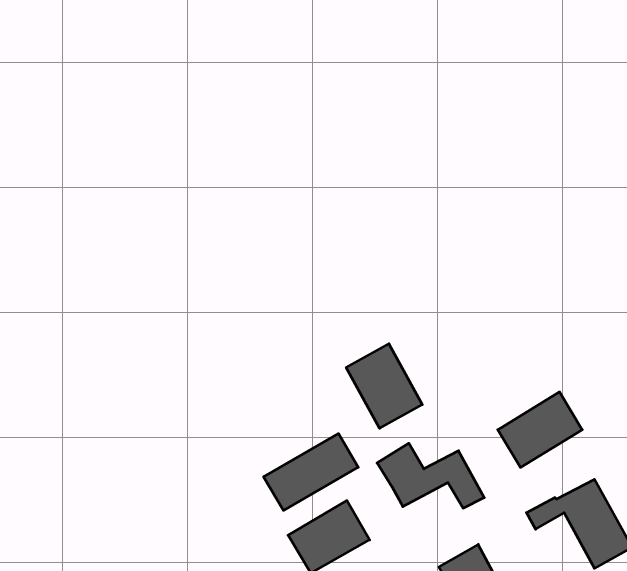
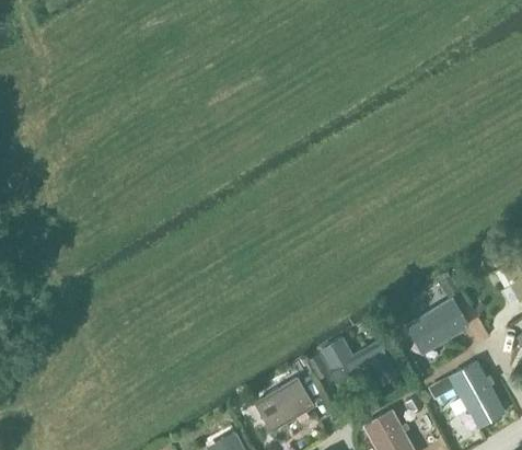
building: [346,344,422,428] -> none
building: [264,434,358,510] -> none

